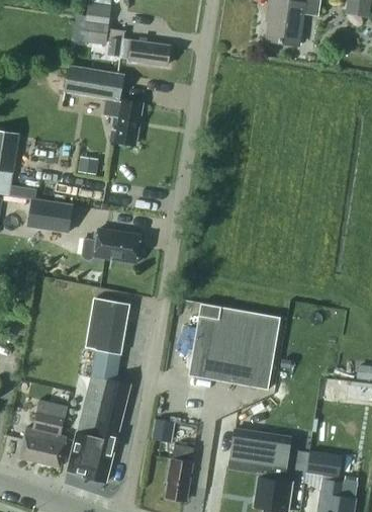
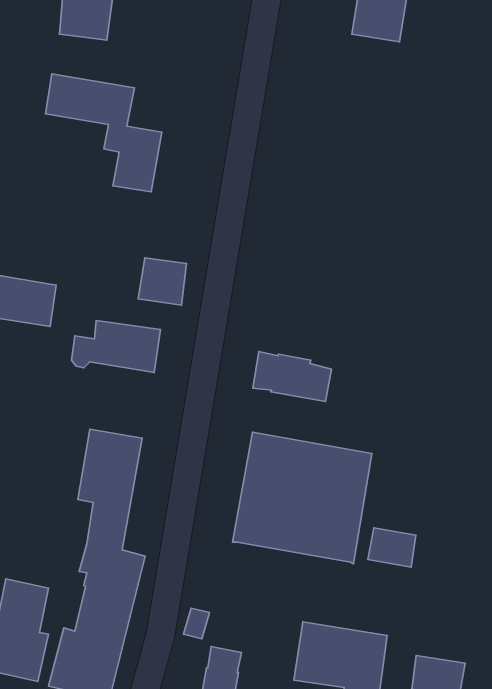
building: [108,29,170,65] -> none
building: none -> [138,258,187,305]
building: none -> [253,352,332,402]
building: none -> [368,528,416,567]

